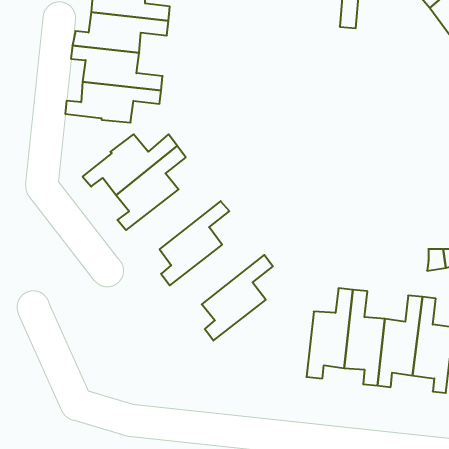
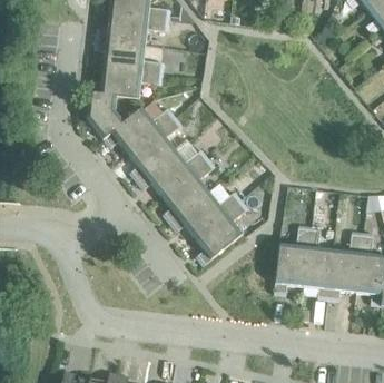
building: none -> [85,91,124,139]
building: none -> [135,149,207,195]
building: none -> [168,190,240,237]

